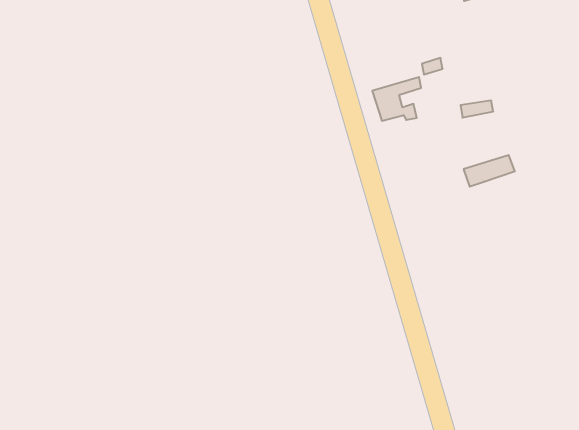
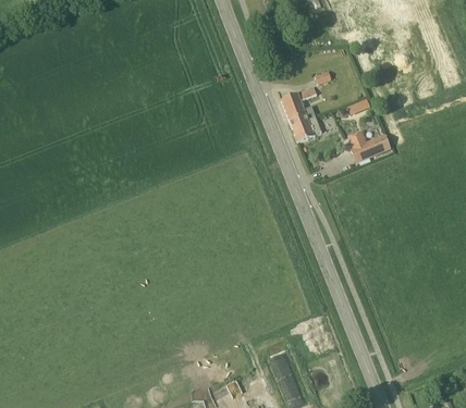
building: none -> [289,115,320,144]

